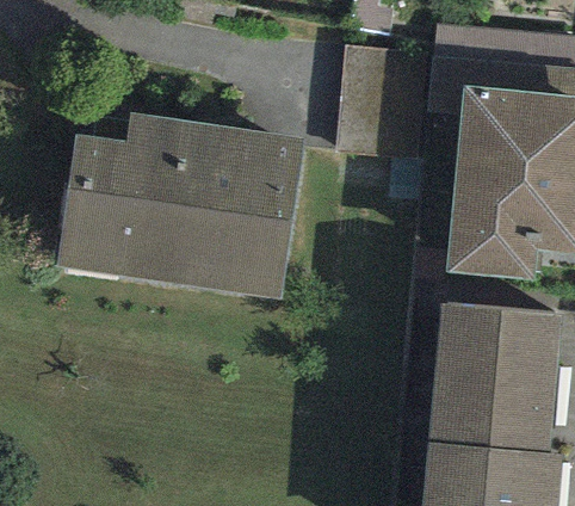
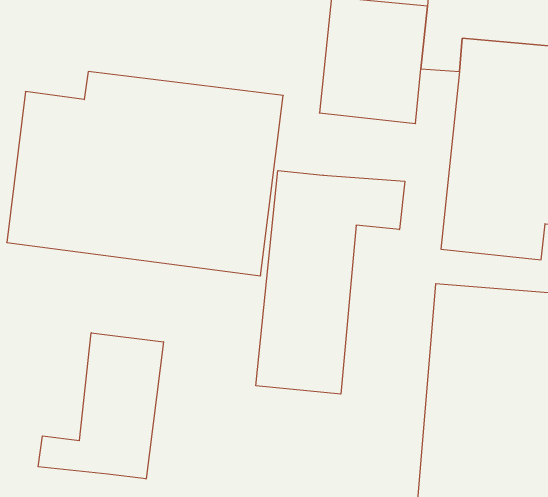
building: none -> [256,171,405,394]
building: none -> [38,333,163,479]

